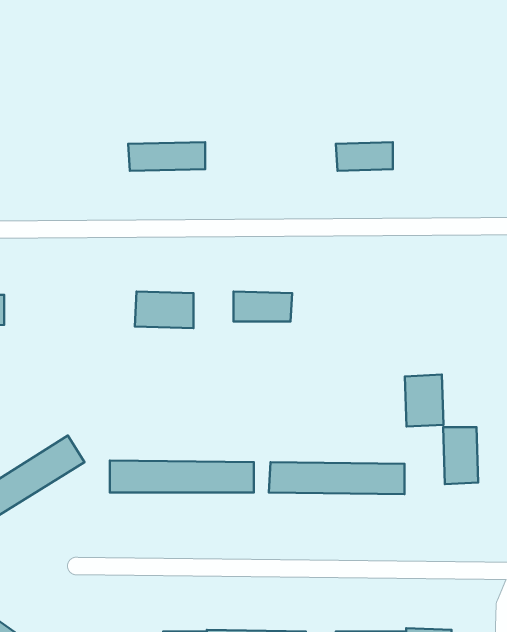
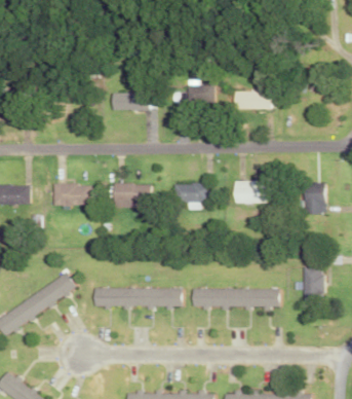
building: none -> [180,85,213,105]
building: none -> [230,181,265,204]
building: none -> [49,183,87,206]
building: [405,375,444,427] -> [300,182,323,214]

